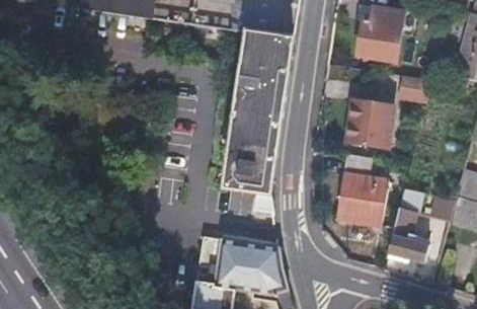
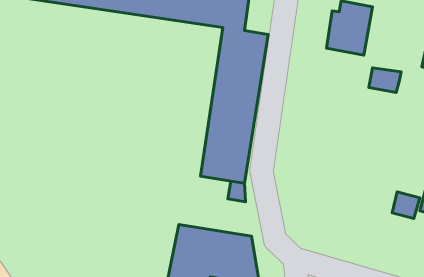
building: [348,98,393,144] -> none
building: [337,152,389,224] -> none
building: [389,186,430,260] -> none

